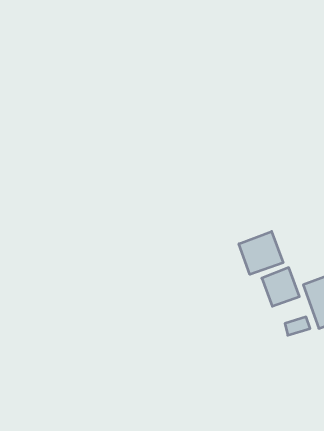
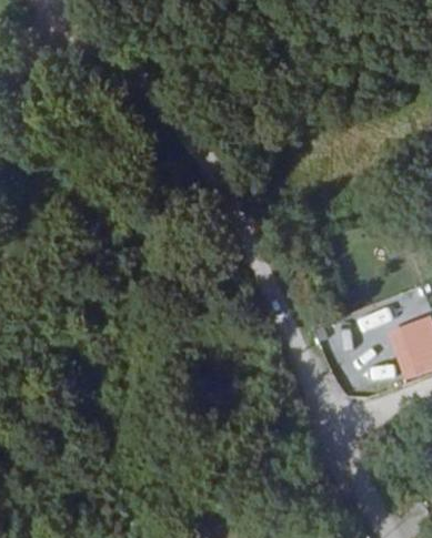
building: [239,231,283,274] -> none

